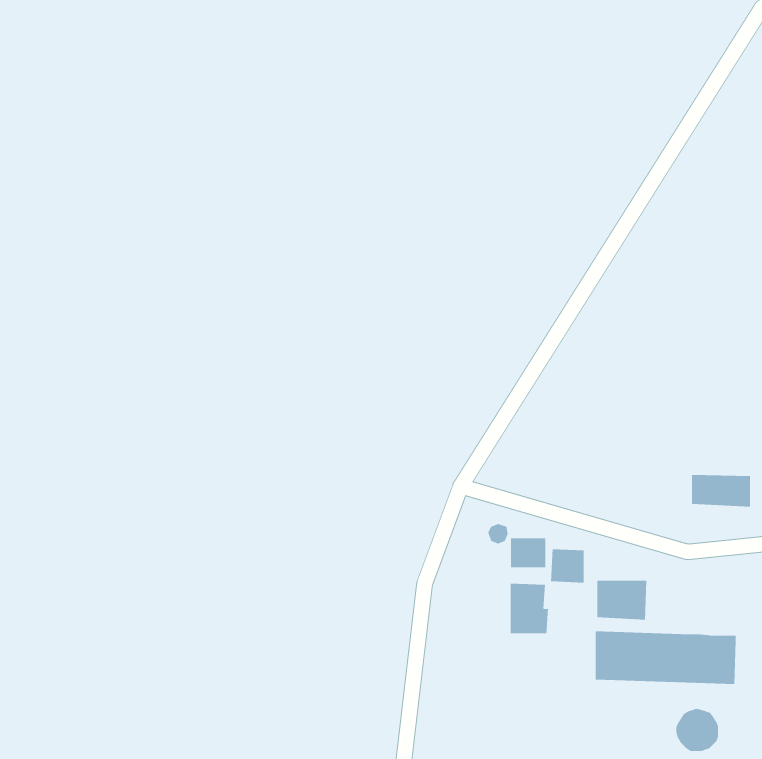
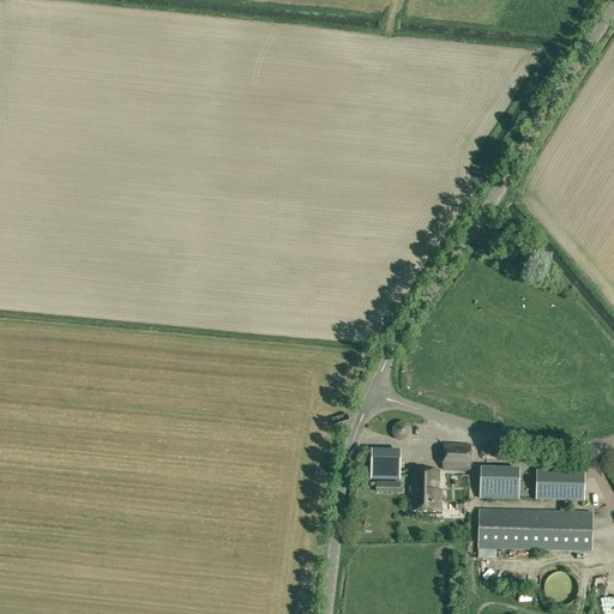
building: [691,474,751,507] -> [536,474,584,500]
building: [510,538,546,568] -> [371,453,399,477]

